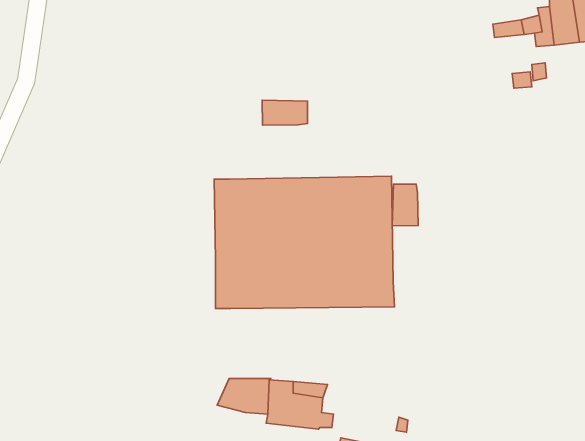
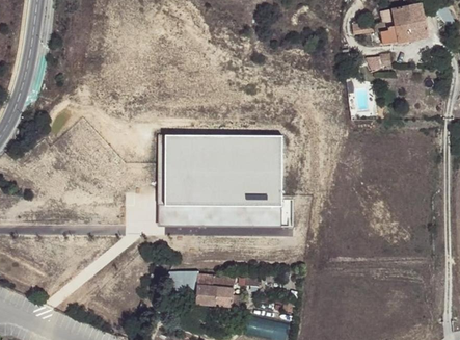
building: [262,100,307,125] -> none
building: [392,184,418,226] -> none

